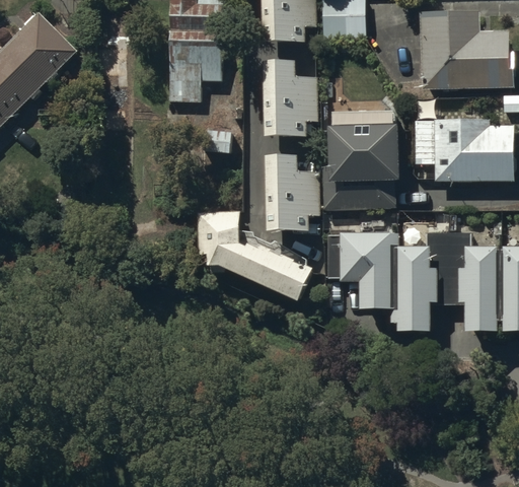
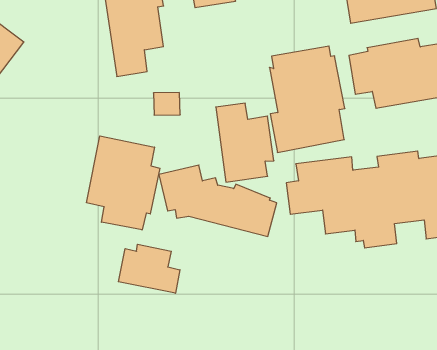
building: [262,61,315,142] -> none
building: none -> [87,136,160,230]
building: none -> [118,244,180,293]

